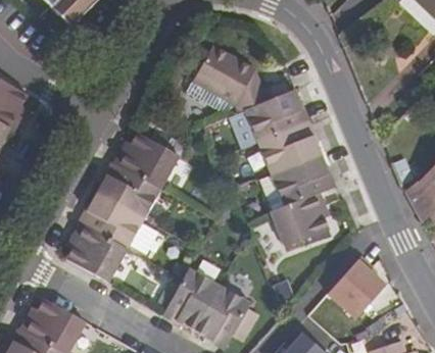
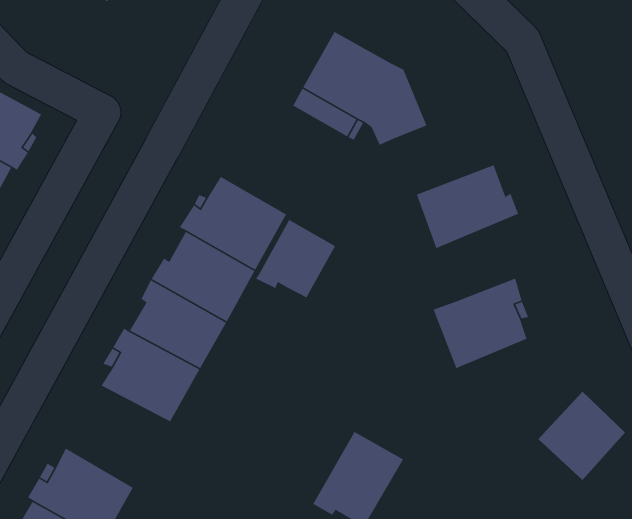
building: [245,88,306,142] -> none
building: [271,154,332,207] -> none
building: none -> [255,219,336,299]
building: [164,268,221,332] -> none

